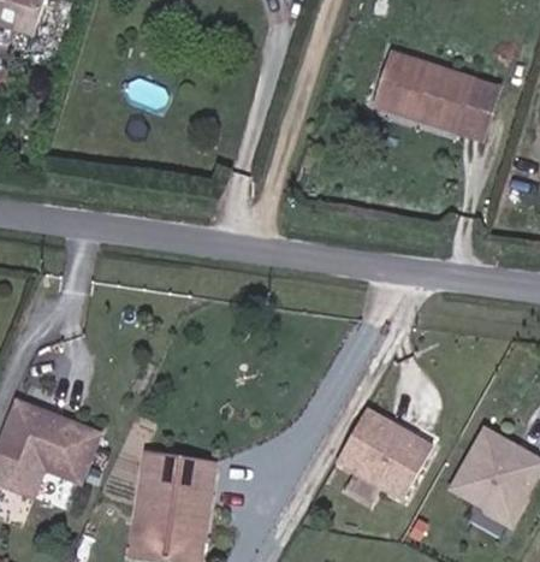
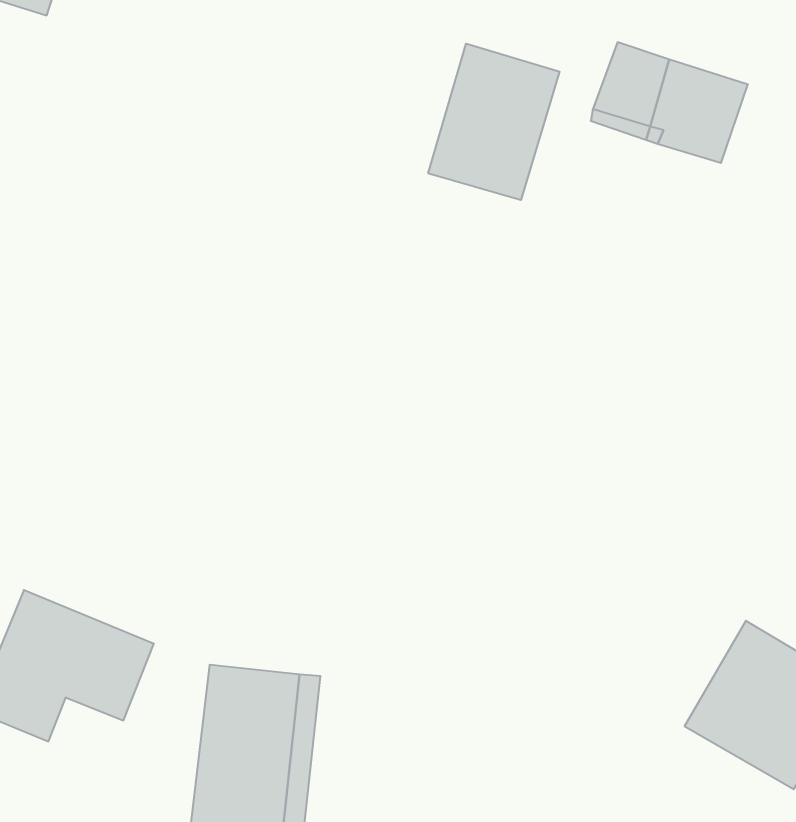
building: none -> [428,44,560,200]
building: [345,410,441,501] -> none

